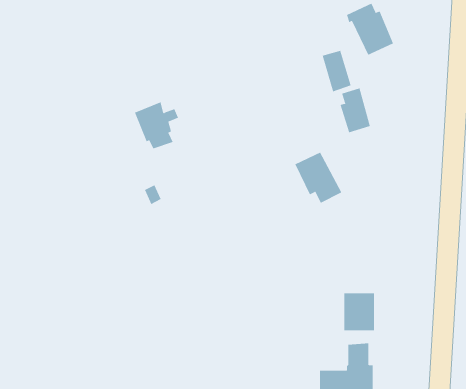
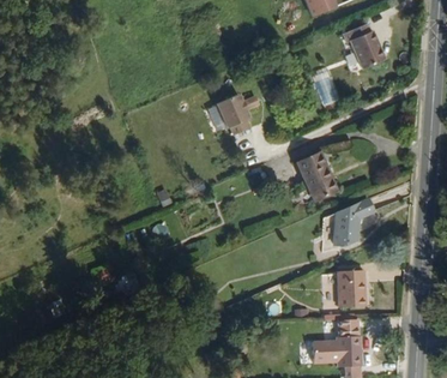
building: [340,88,370,133] -> none
building: [134,102,179,149] -> [216,95,255,137]
building: none -> [333,197,373,244]

